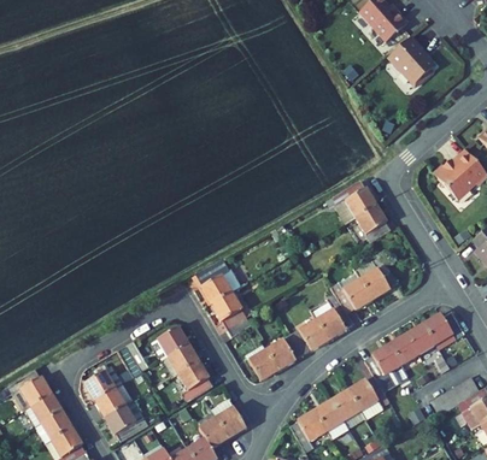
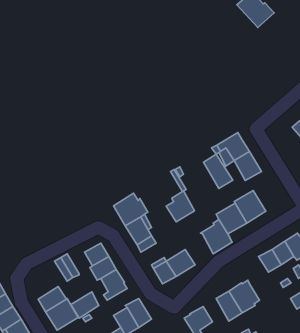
building: [387,35,435,85] -> none
building: none -> [203,154,233,189]
building: [291,314,328,355] -> [166,191,194,222]
building: [364,344,401,381] -> none
building: [84,366,122,401] -> [71,292,99,318]
building: [315,400,348,440] -> none

